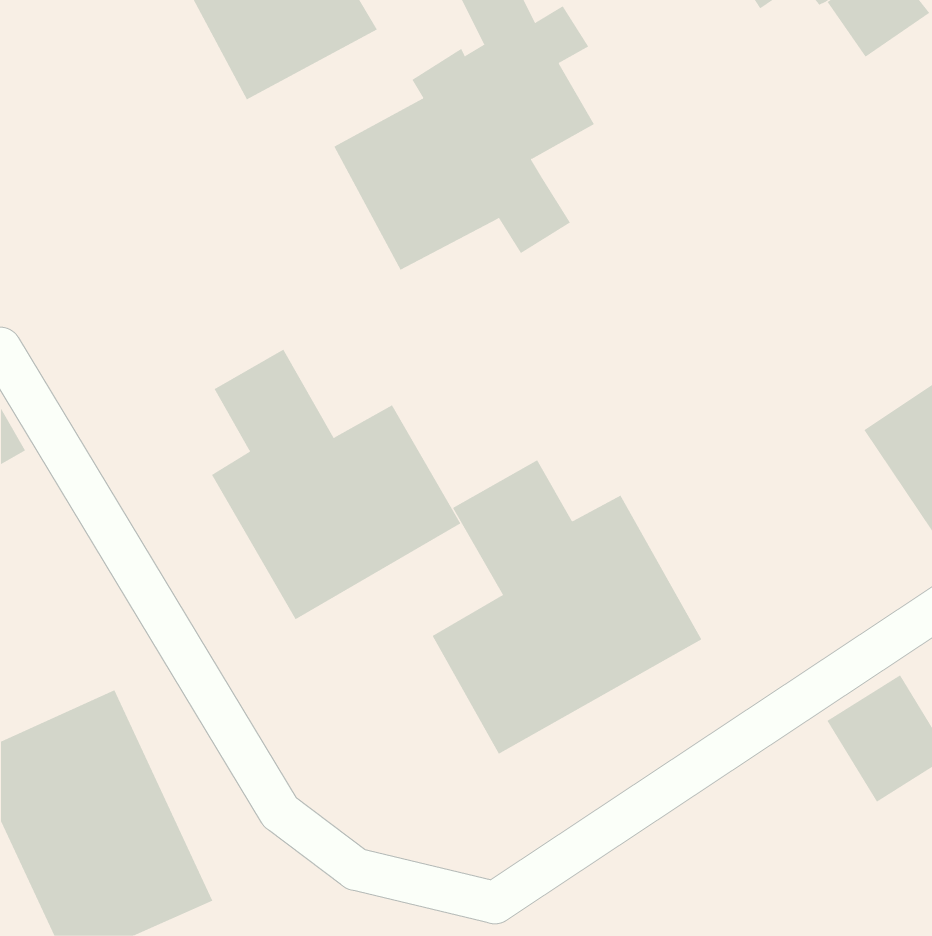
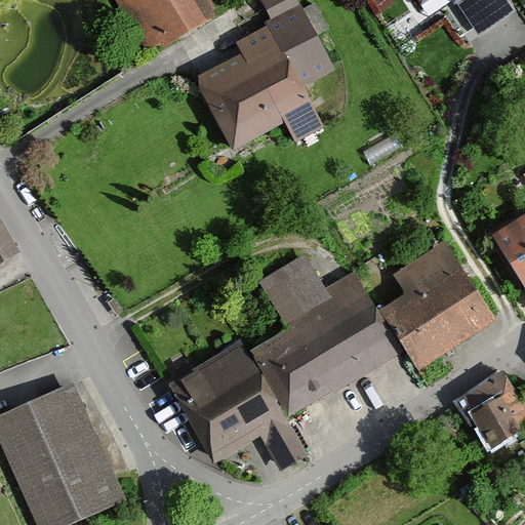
building: [211,349,461,620] -> none
building: none -> [375,243,490,369]
building: none -> [168,339,307,470]

